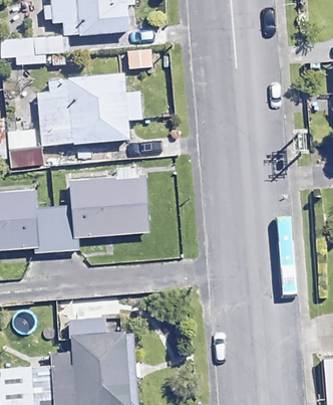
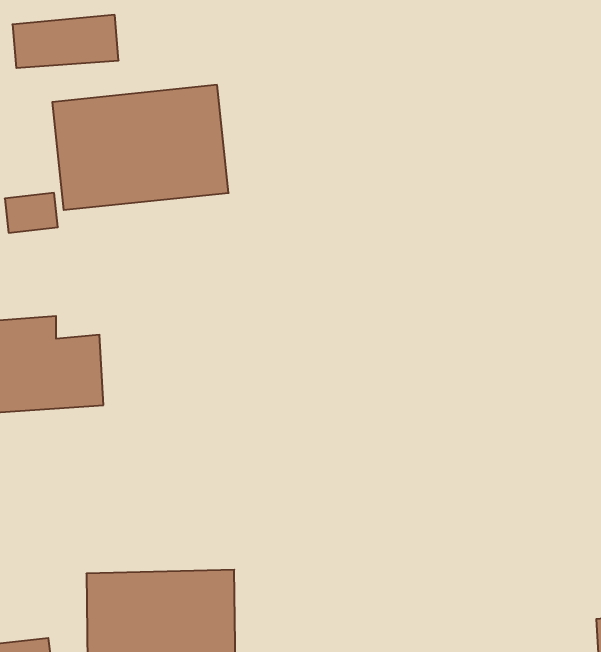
building: [75,183,152,238] -> none

